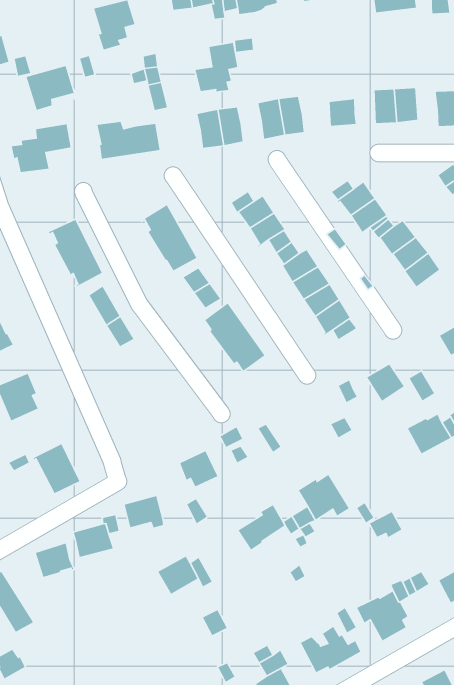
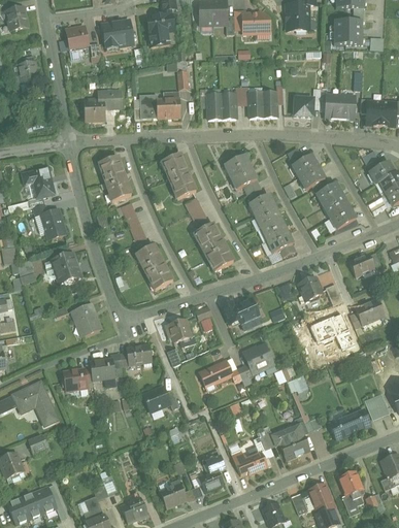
building: [194,42,238,92] -> none
building: [26,65,77,111] -> [102,20,134,47]
building: none -> [136,243,172,289]
building: none -> [233,300,263,325]

